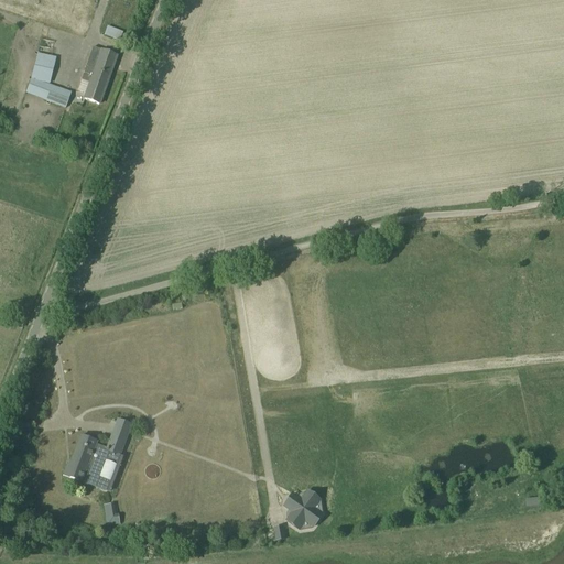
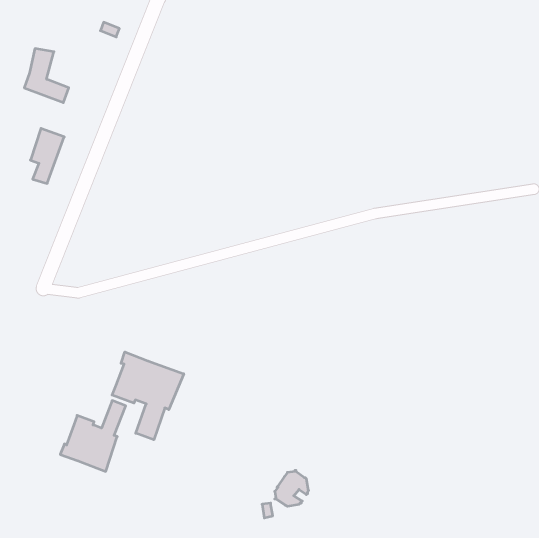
building: [83,45,118,102] -> [30,128,64,183]
building: none -> [112,352,184,440]

